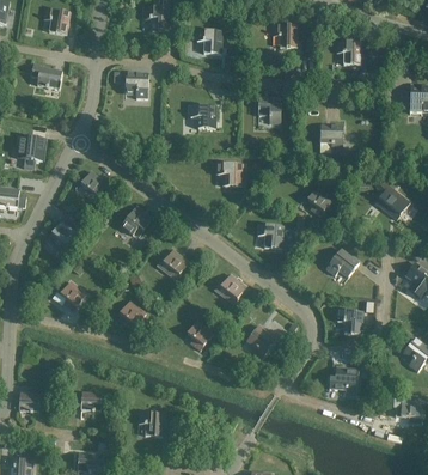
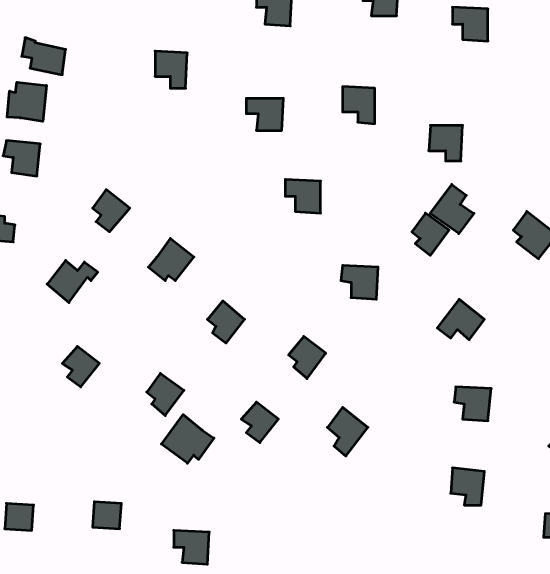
building: none -> [7,82,46,121]
building: none -> [430,184,474,234]
building: none -> [161,415,214,463]

